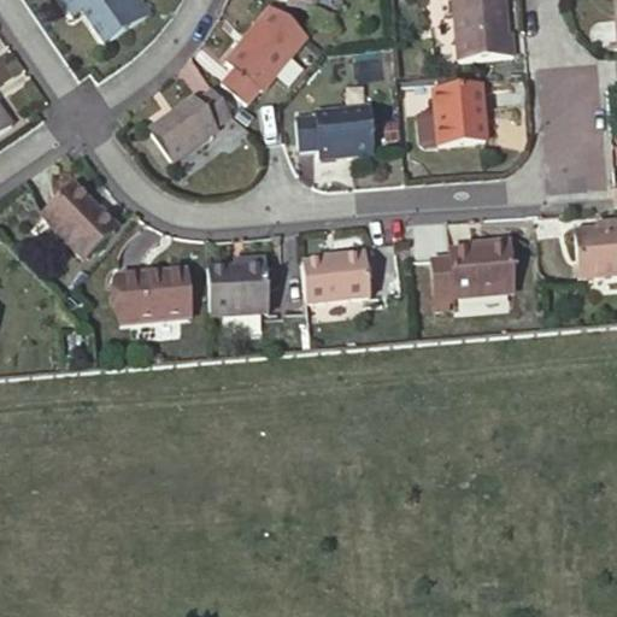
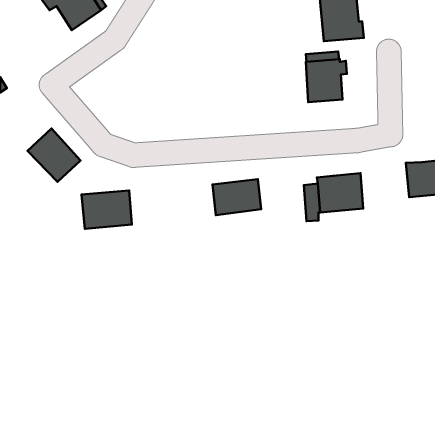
building: [223,5,307,102] -> none
building: [151,87,233,158] -> none
building: [296,107,374,157] -> none
building: [208,263,270,315] -> none

